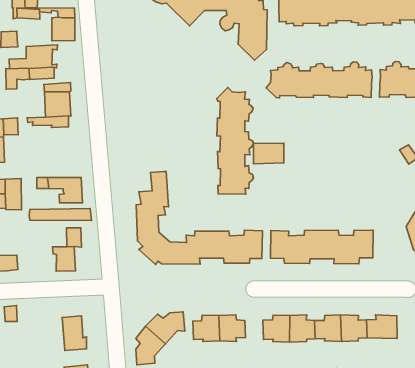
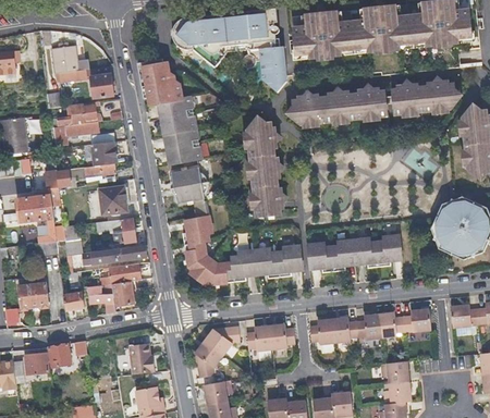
building: none -> [138,61,203,167]
building: none -> [172,169,209,206]
building: none -> [99,184,127,212]
building: [253,143,284,164] -> none
building: none -> [89,281,115,310]

